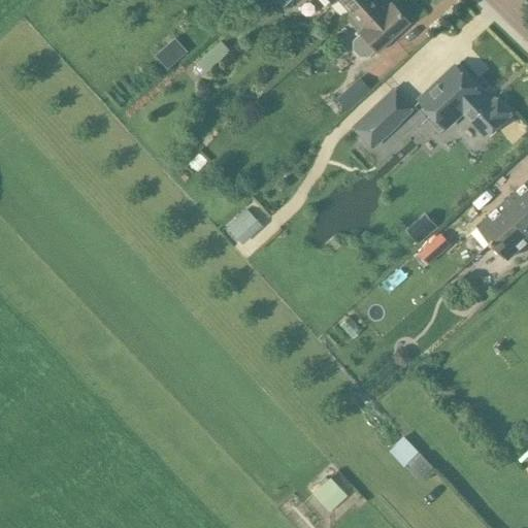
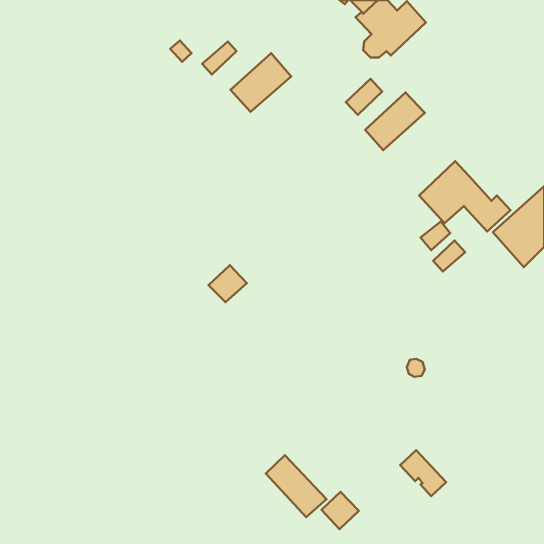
building: none -> [231,53,291,112]
building: [421,66,509,134] -> [419,161,511,232]
building: [225,206,262,242] -> [209,265,247,302]
building: none -> [266,455,326,517]

